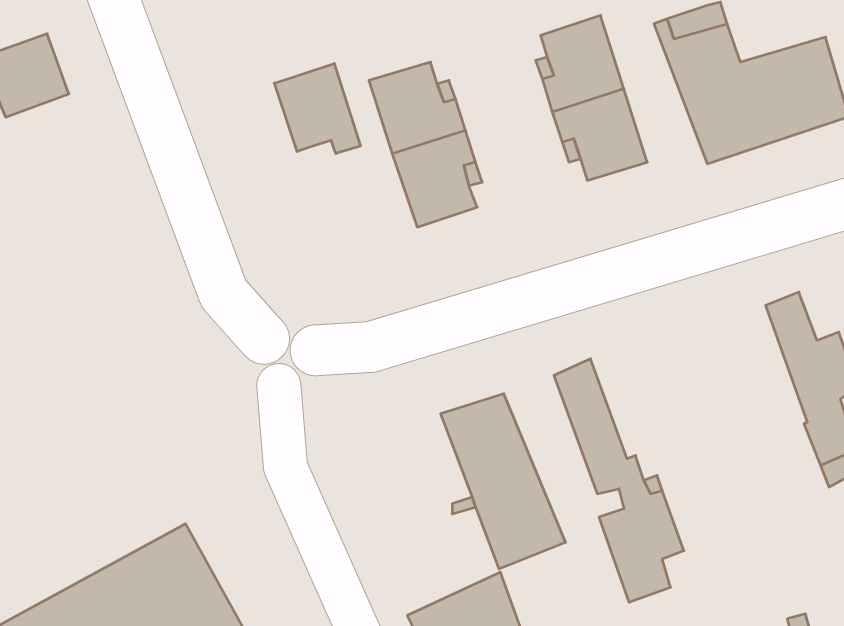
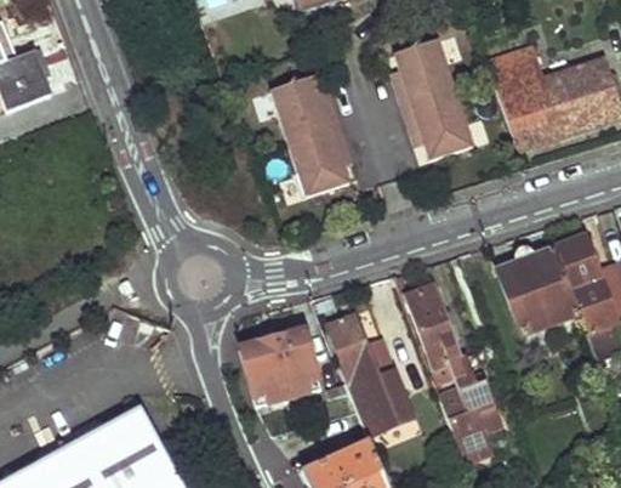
building: [274,63,361,154] -> none
building: none -> [498,249,577,334]
building: none -> [240,331,323,414]

